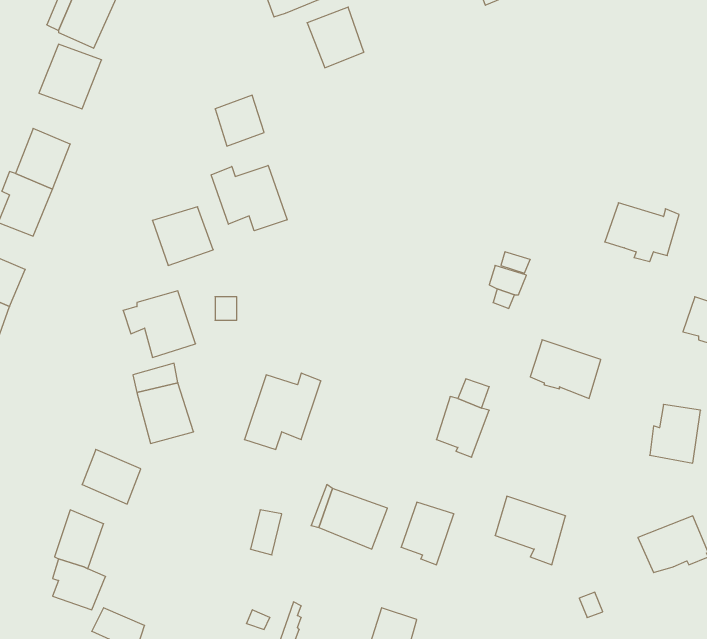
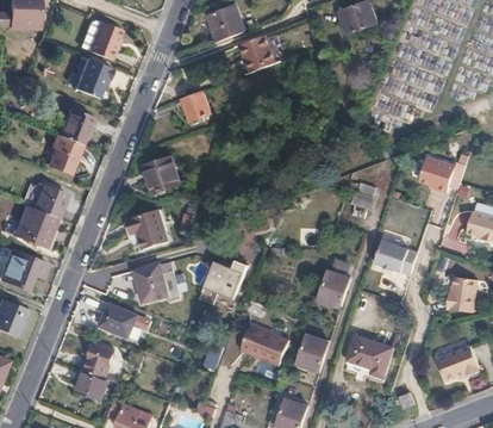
building: [211,165,287,231] -> none

